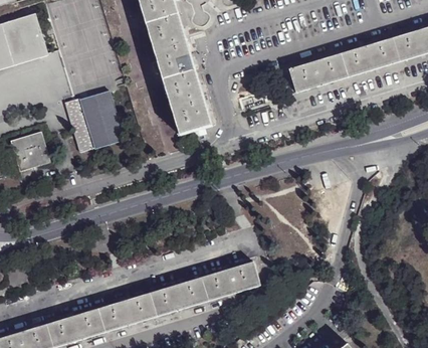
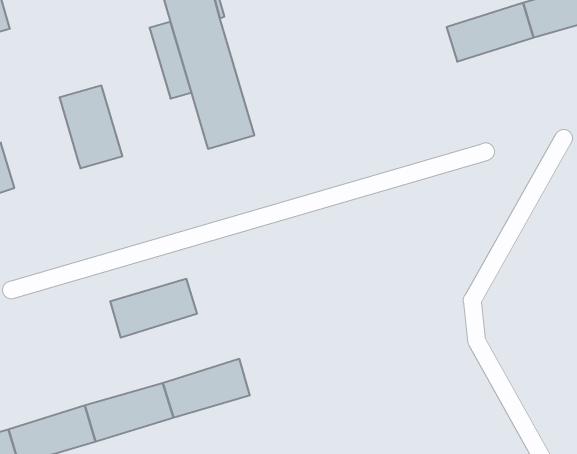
building: [288,53,347,92] -> none
building: [65,98,93,149] -> [149,22,191,99]
building: [201,260,259,300] -> [110,279,197,338]

